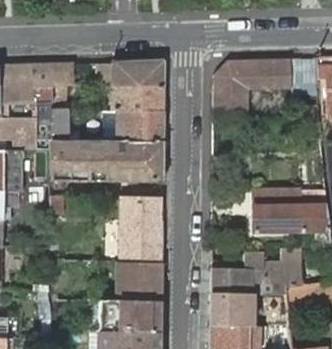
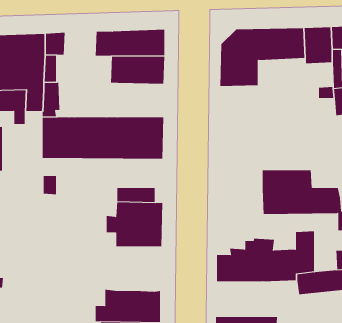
building: [110,110,163,141] -> none
building: [118,261,161,302] -> none
building: [210,293,254,325] -> none

